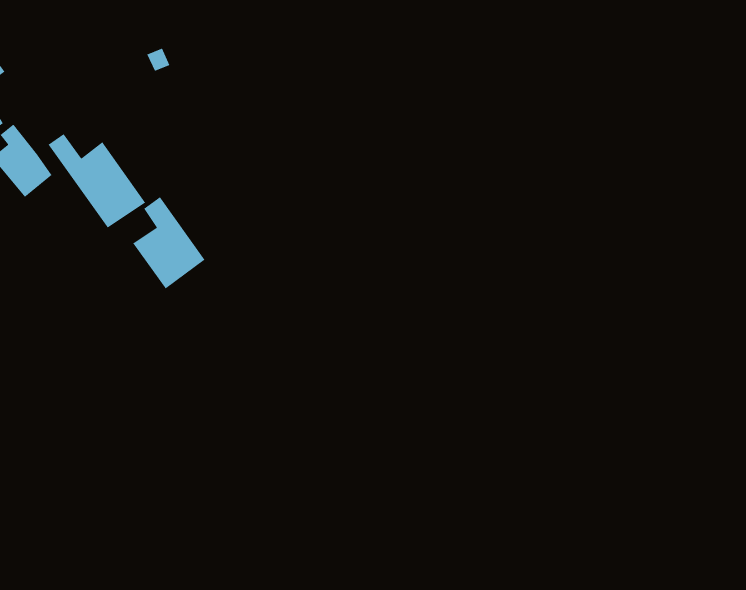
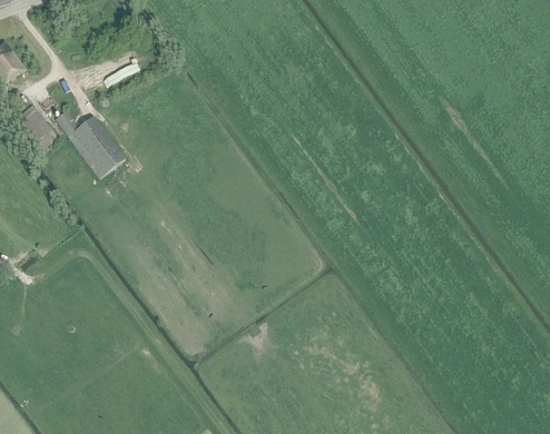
building: [132,196,205,290] -> none

